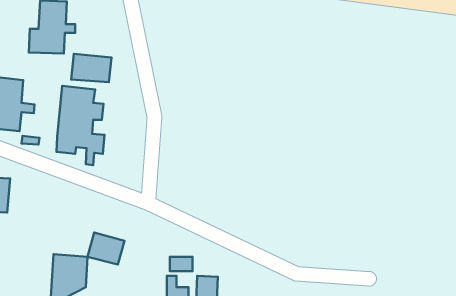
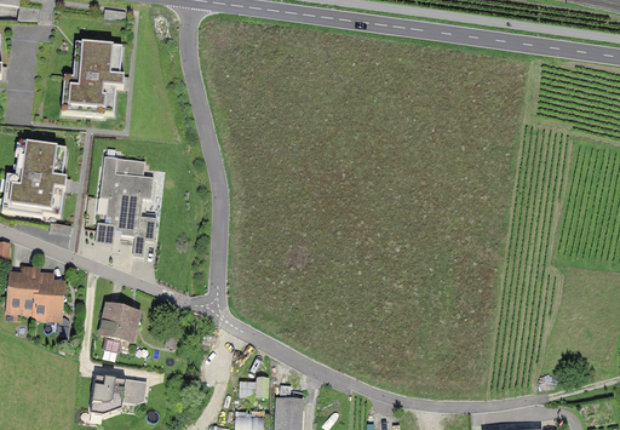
building: [71,54,111,82] -> none
building: none -> [34,274,64,320]
building: [88,232,124,265] -> [94,302,142,343]

